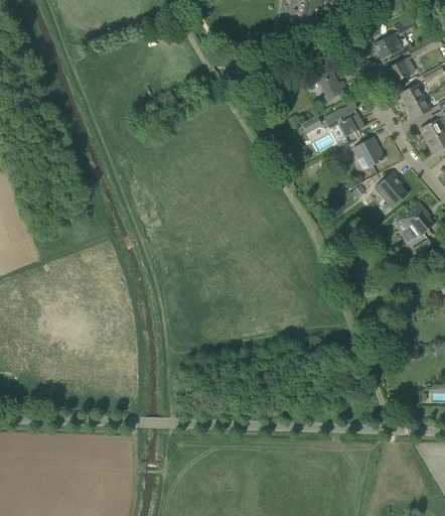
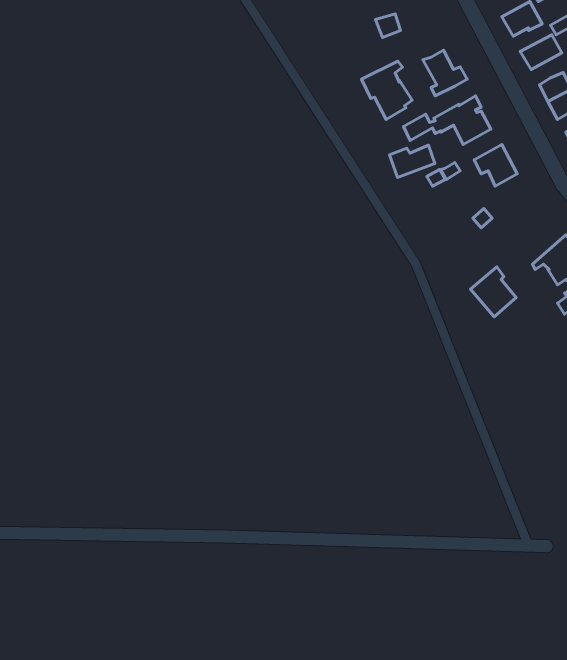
building: none -> [361,61,412,120]
building: none -> [389,145,435,177]
building: [375,170,408,207] -> [470,267,516,317]

